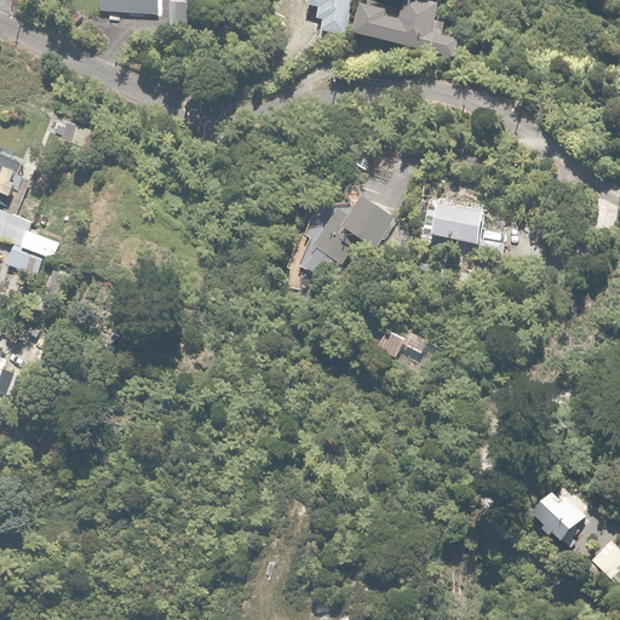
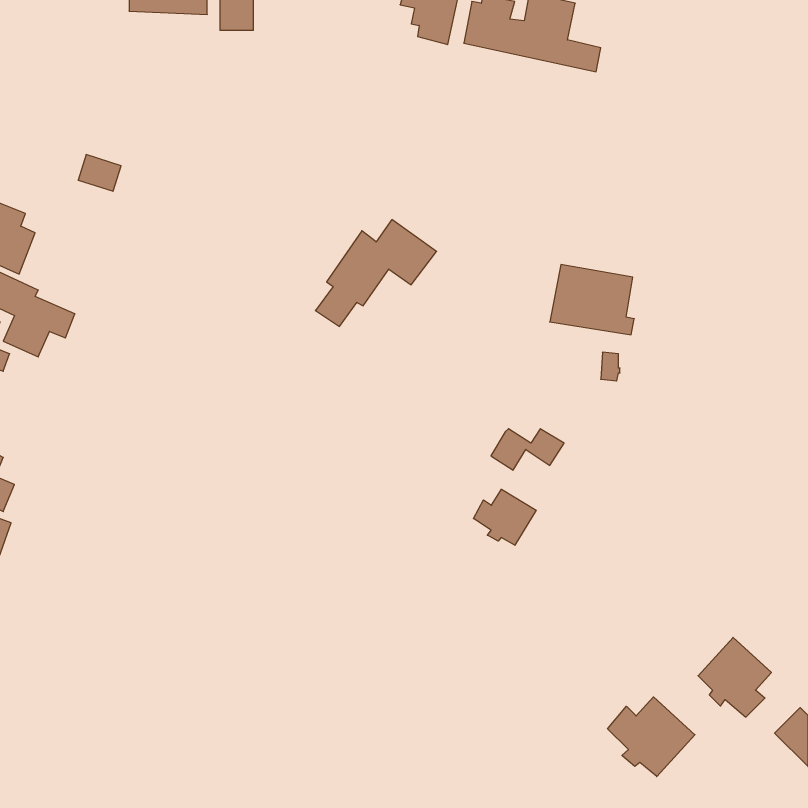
building: [300,195,392,276] -> [315,220,437,326]
building: none -> [473,489,536,545]
building: none -> [608,697,695,777]

